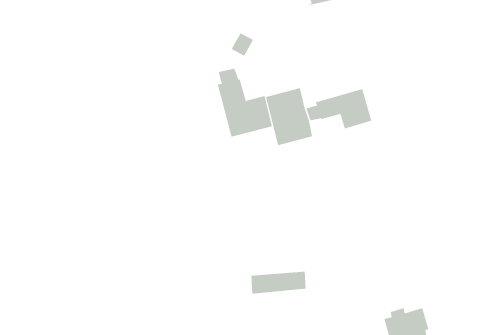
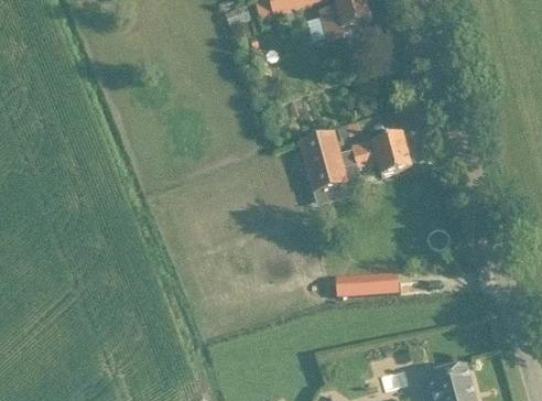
building: [217,68,273,138] -> none
building: [250,271,306,294] -> [335,273,394,297]

